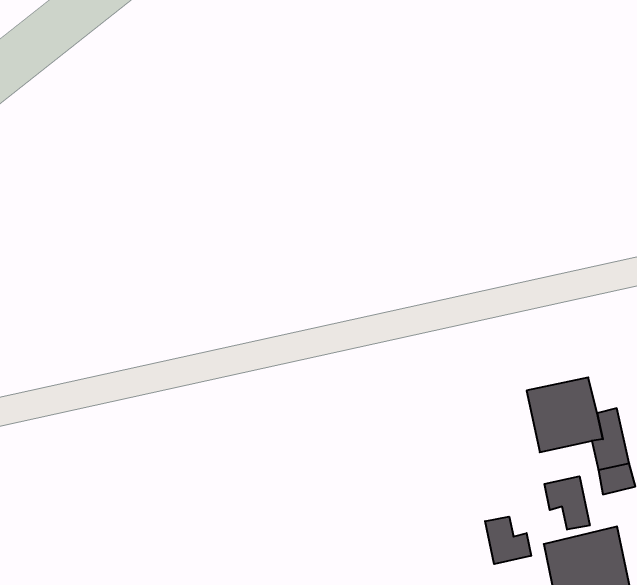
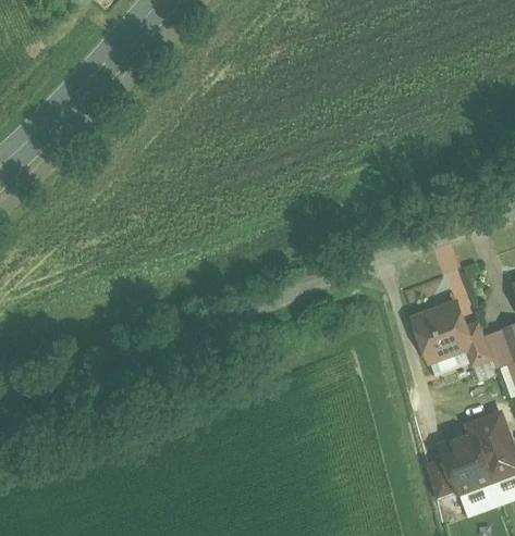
building: [544,476,590,530] -> none
building: [485,517,531,564] -> none

